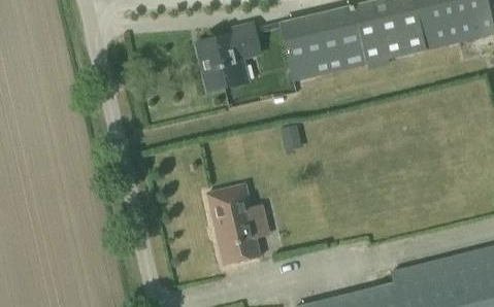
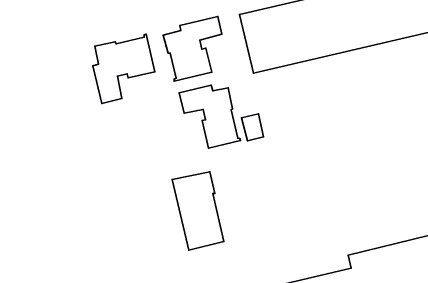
building: none -> [93,34,155,104]
building: none -> [179,85,241,148]

